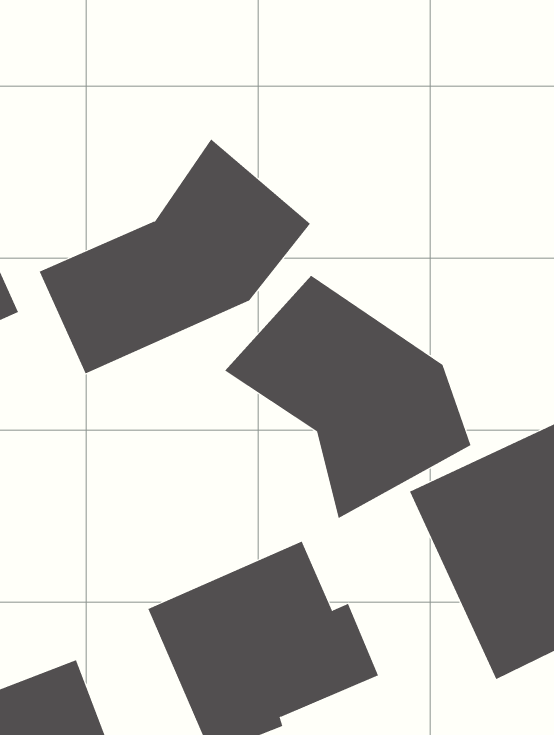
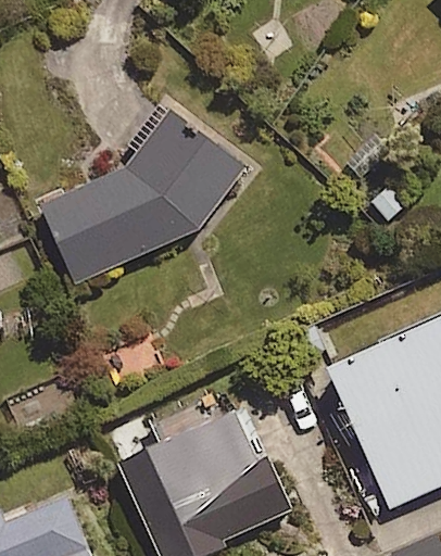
building: [224,275,471,519] -> none

